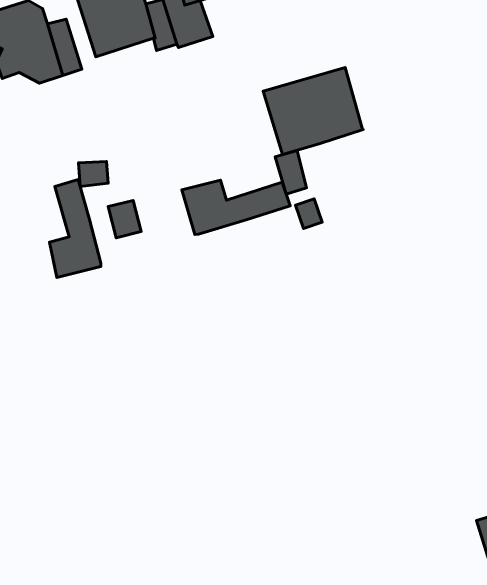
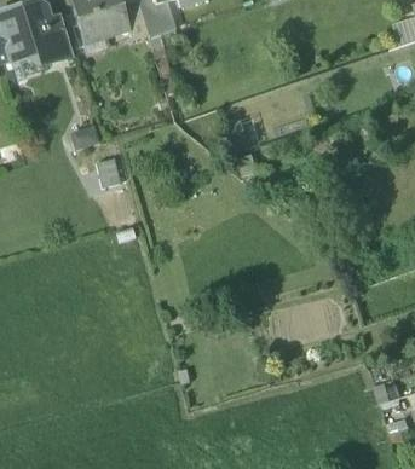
building: [263,67,363,155] -> none
building: [49,179,101,277] -> none
building: [182,180,290,235] -> none

